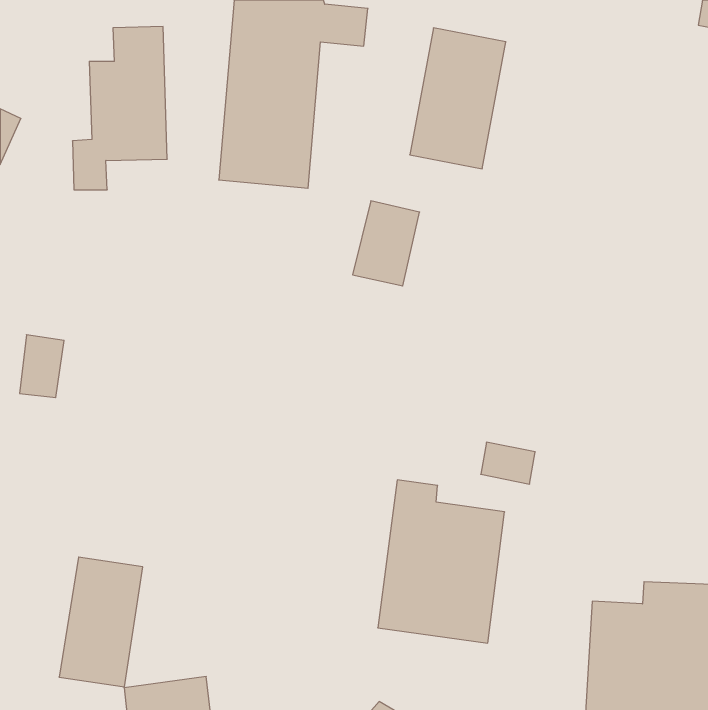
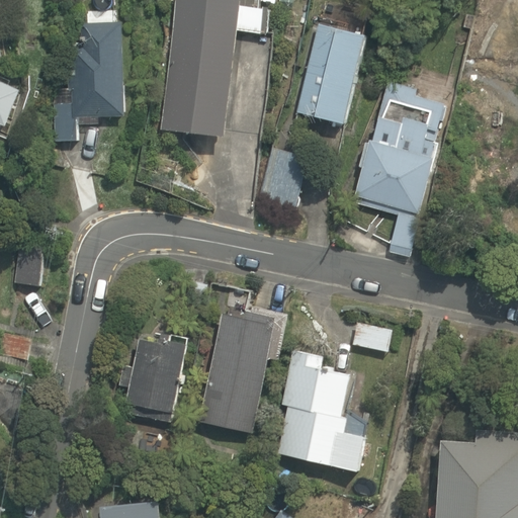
building: none -> [347,80,444,258]
building: none -> [201,314,269,432]
building: [59,557,143,687] -> [123,329,184,423]

